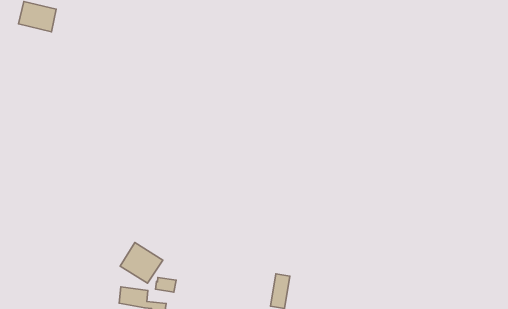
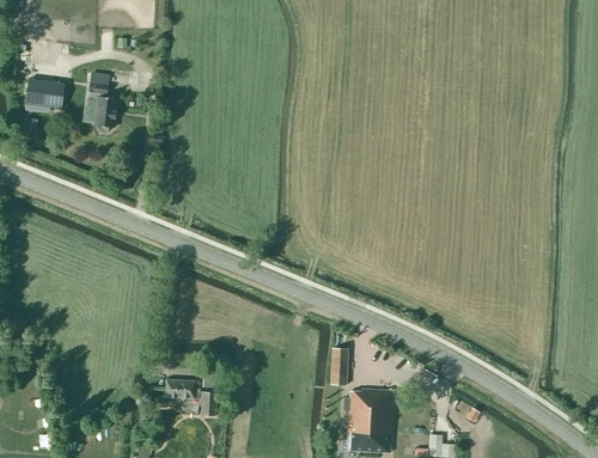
building: none -> [87,84,116,133]
building: [120,242,163,283] -> none

